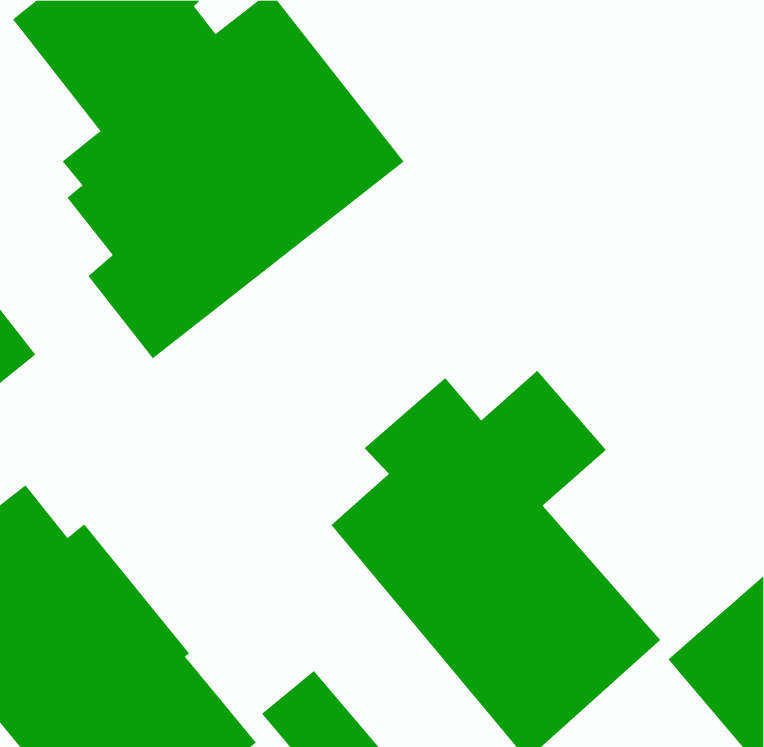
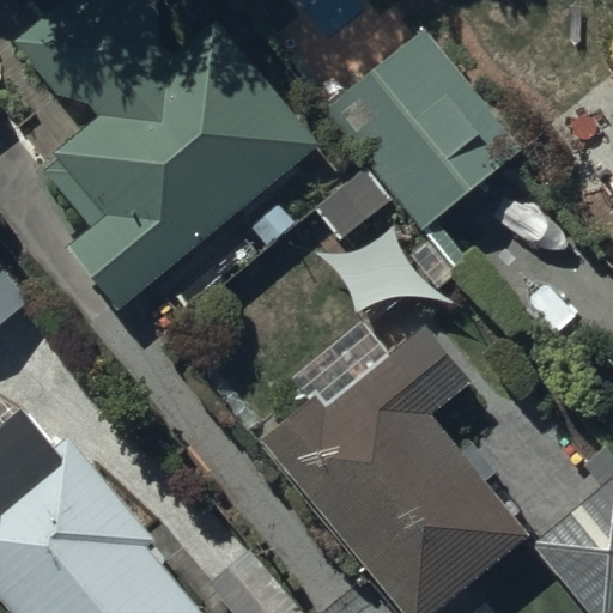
building: none -> [311,25,518,241]

